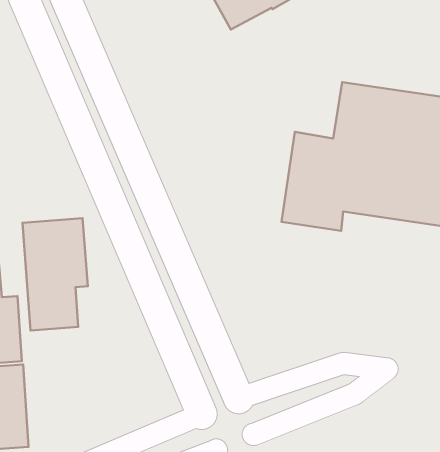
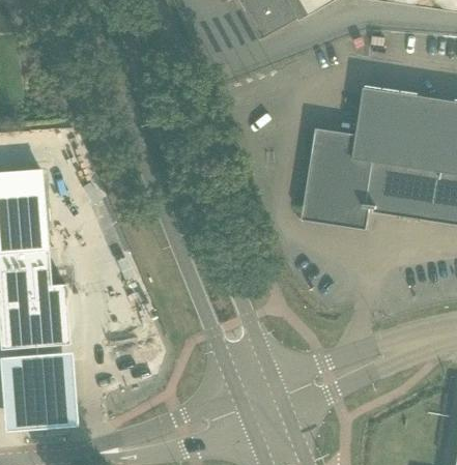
building: [22,218,88,331] -> none

